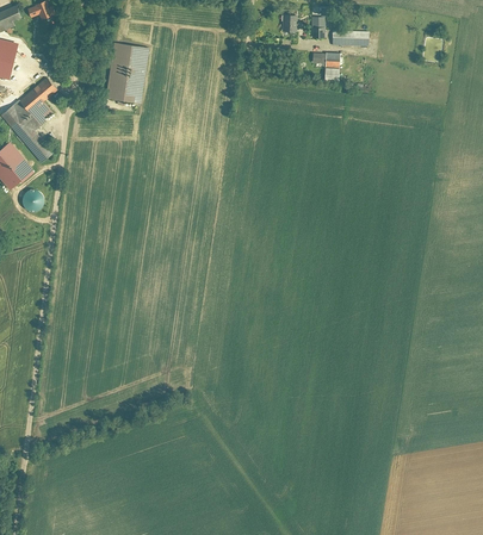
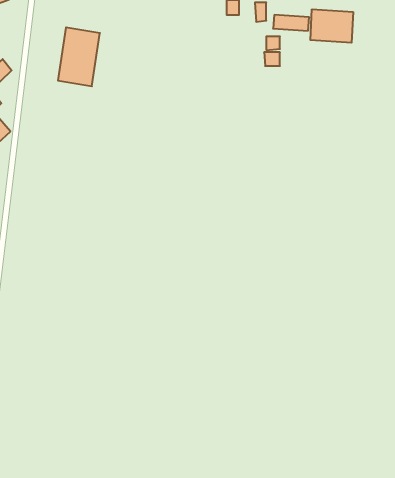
building: none -> [310,9,353,43]

